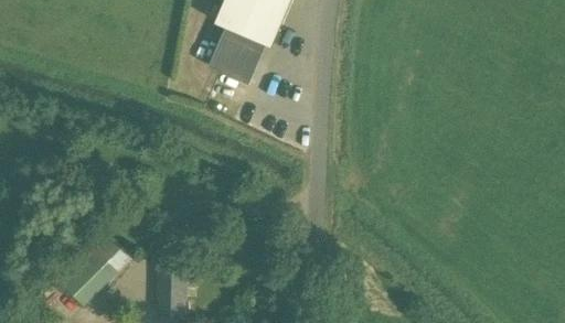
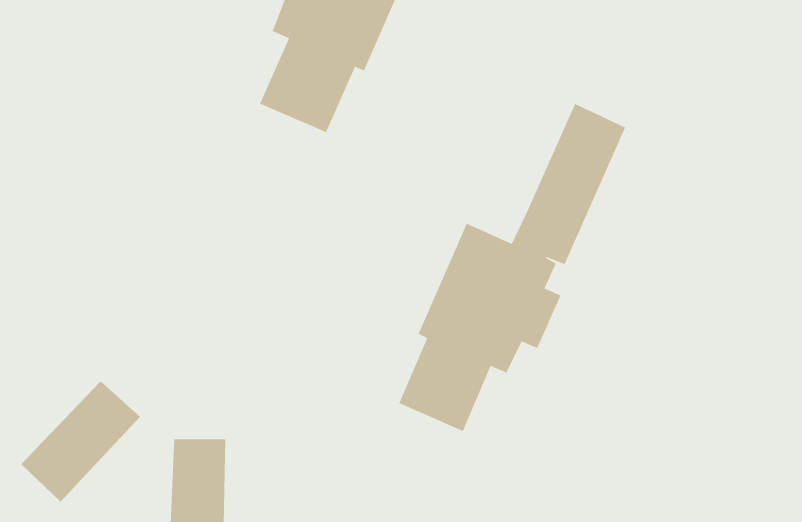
building: none -> [399,103,626,432]

